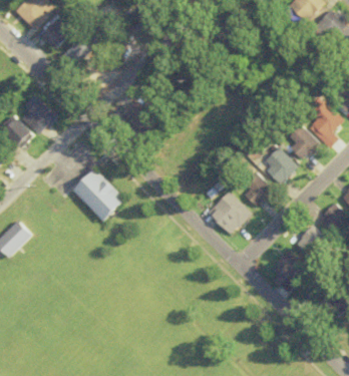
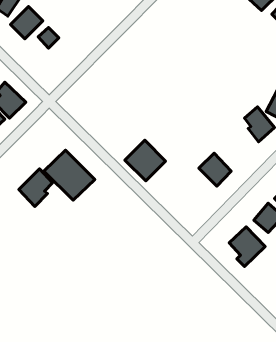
building: [262,148,297,183] -> none
building: none -> [19,169,53,207]
building: [209,192,252,235] -> [125,140,166,181]

